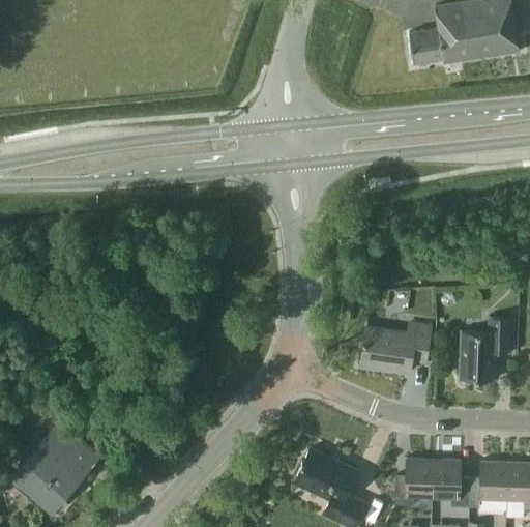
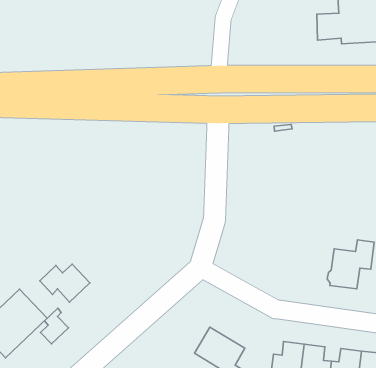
building: [360,324,431,372] -> none
building: none -> [40,264,90,302]
building: none -> [40,308,68,344]

